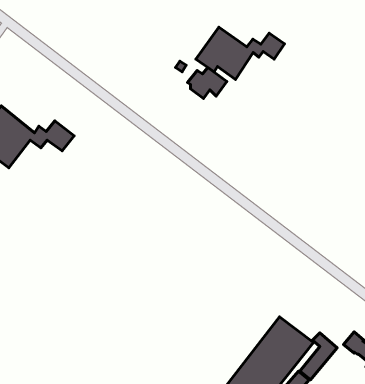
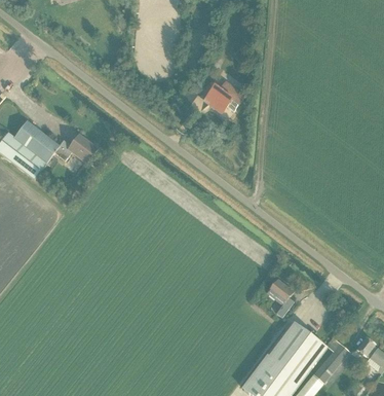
building: [196,27,284,79] -> none
building: none -> [267,279,293,317]

